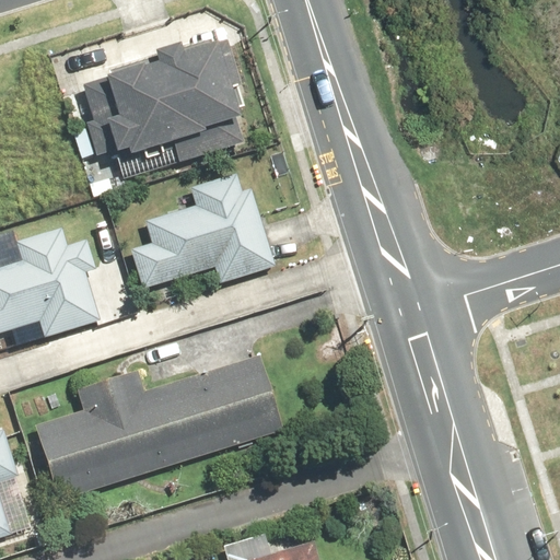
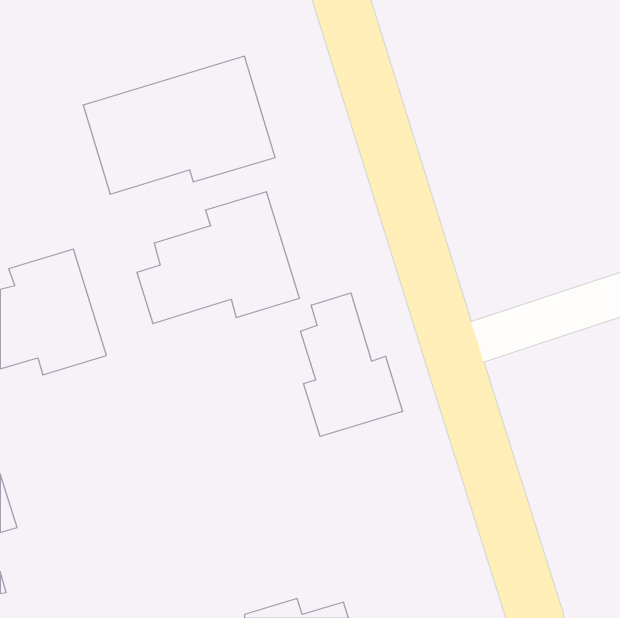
building: none -> [301,293,402,437]
building: [30,358,283,499] -> none

